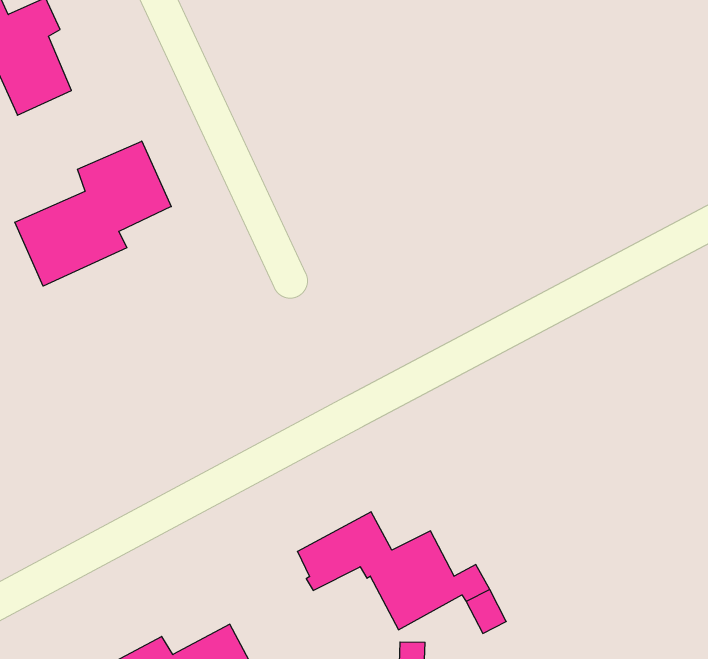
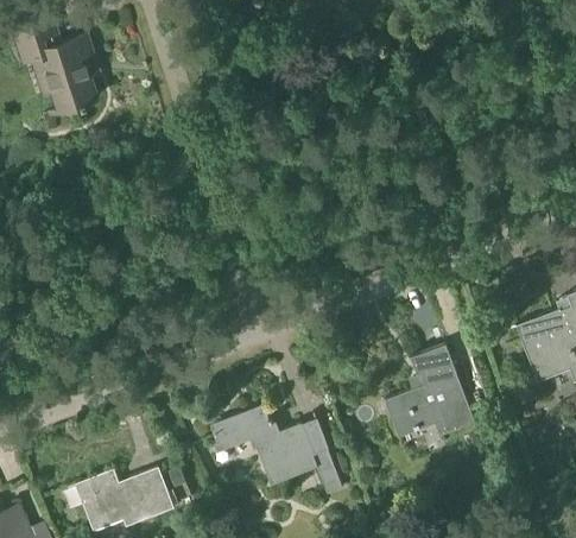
building: [15,141,171,286] -> none
building: none -> [384,344,474,438]

